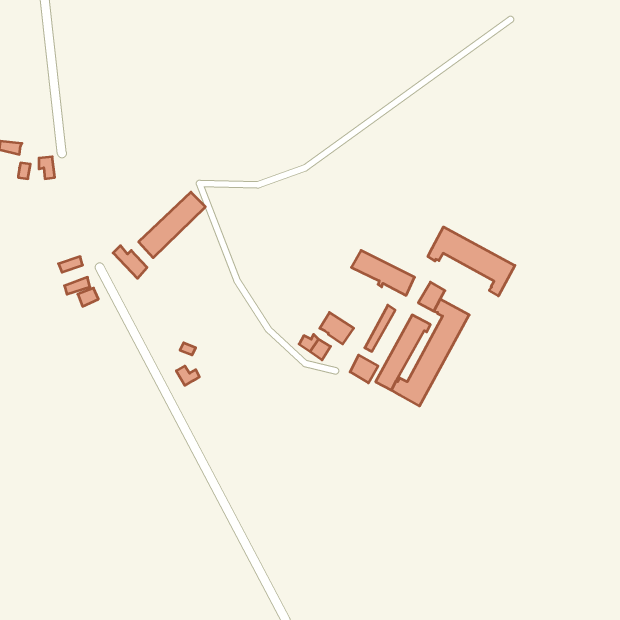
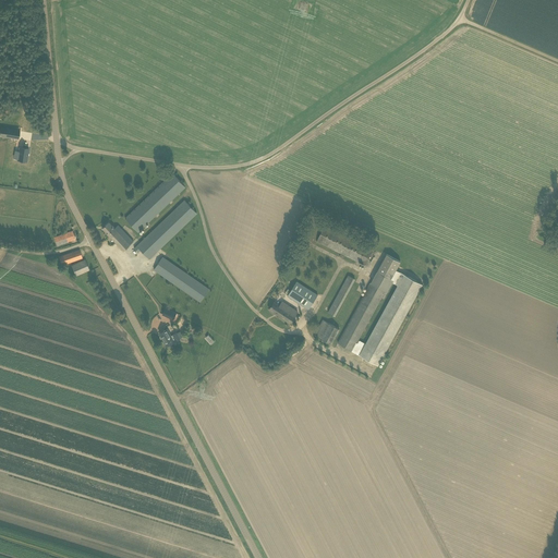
building: none -> [133,199,196,258]
building: [428,227,515,296] -> none
building: none -> [153,256,208,301]

